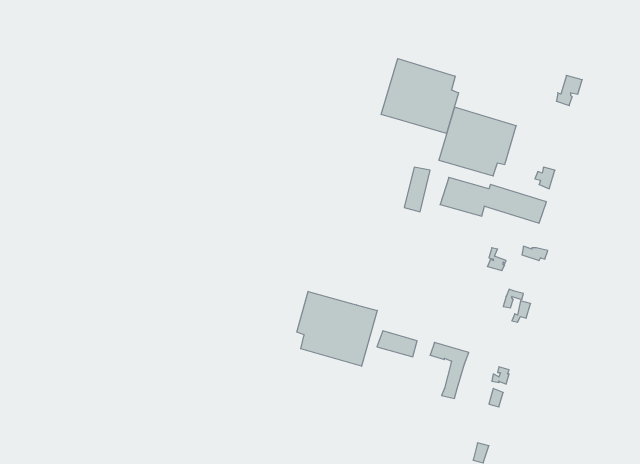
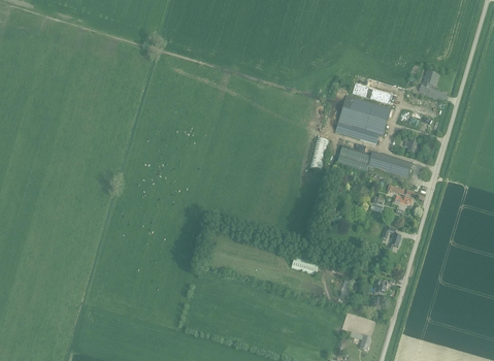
building: [381,59,459,133] -> none
building: [297,291,377,366] -> none

